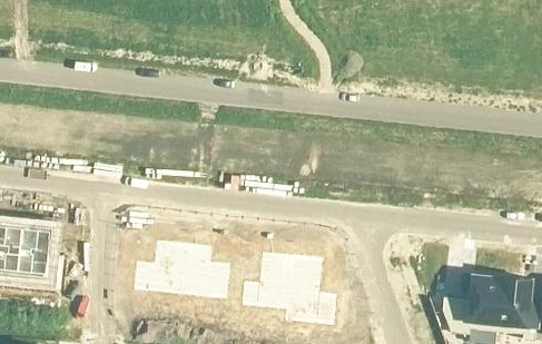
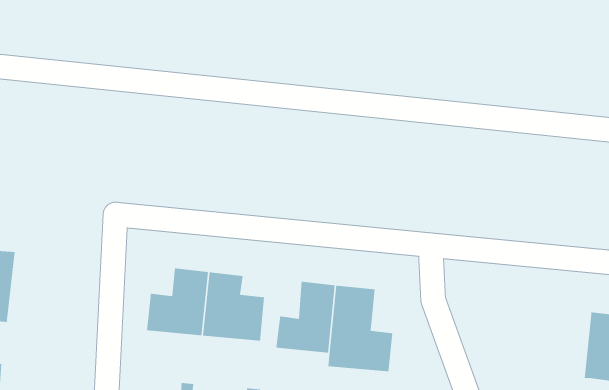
building: [16,226,63,289] -> none
building: [442,275,502,334] -> none

